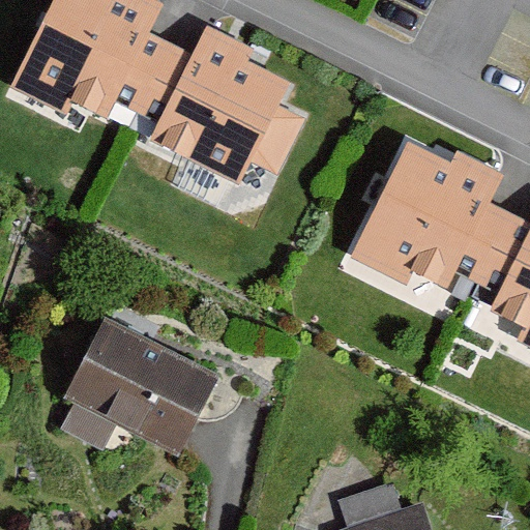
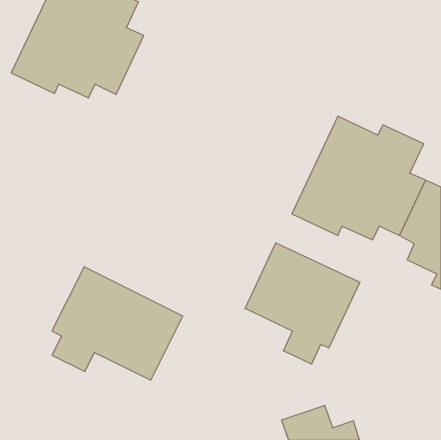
building: [139,26,303,186] -> none
building: none -> [245,243,360,364]

